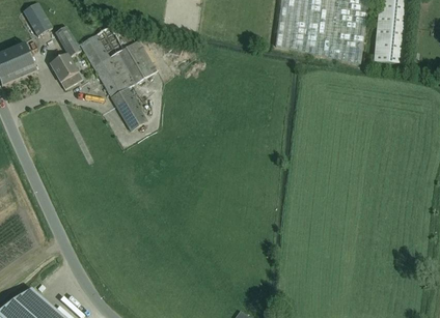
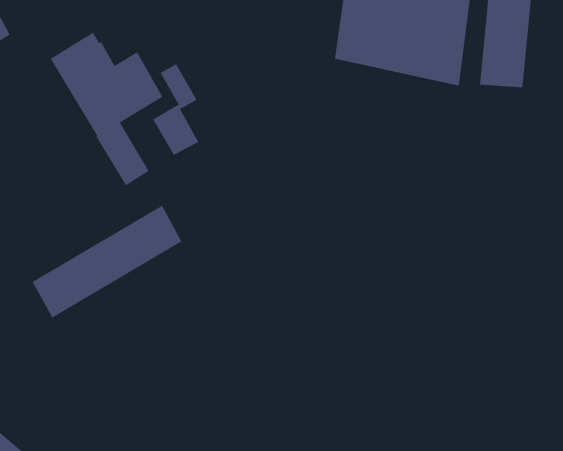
building: [50,25,82,88] -> [152,64,199,156]
building: none -> [32,205,182,318]

